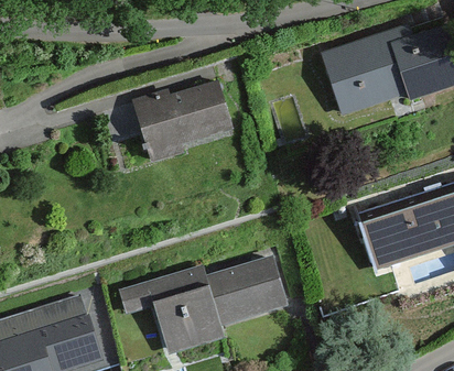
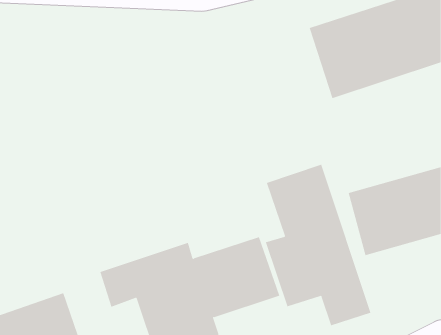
building: [134,76,238,162] -> none
building: none -> [265,164,371,326]

